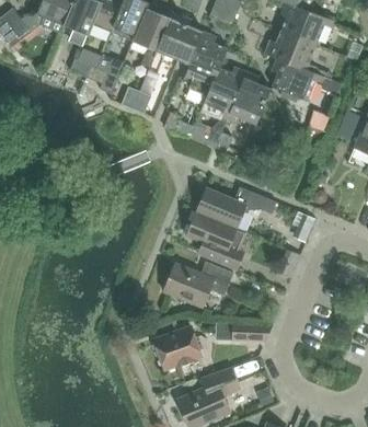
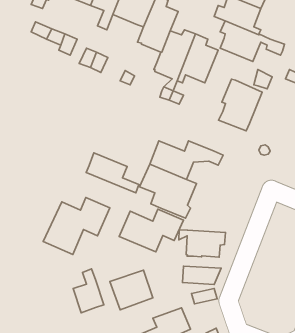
building: none -> [219,79,262,131]
building: none -> [86,153,139,193]
building: none -> [43,198,110,254]
building: none -> [179,230,225,257]
building: none -> [73,269,104,313]

